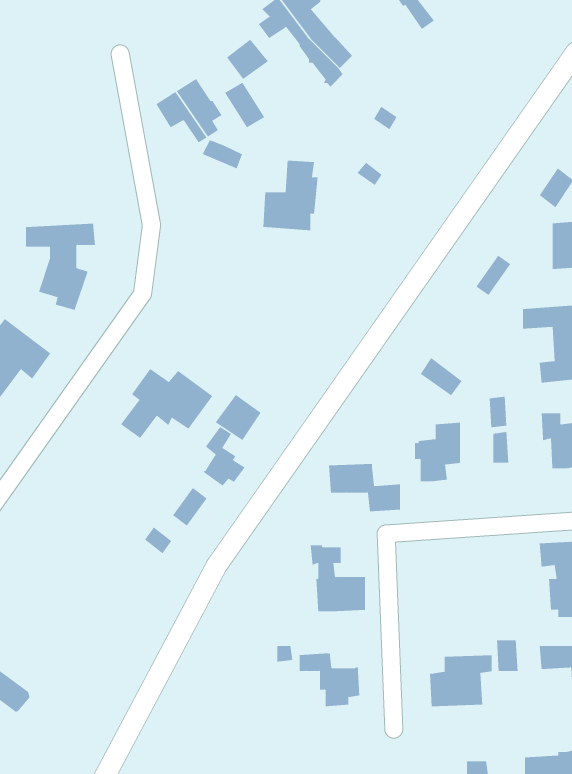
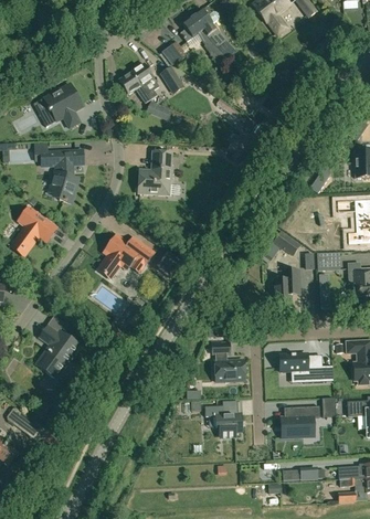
building: none -> [44,83,83,128]
building: [263,160,318,231] -> [140,152,173,194]
building: [202,426,246,487] -> none
building: [328,463,401,512] -> [279,353,323,382]
building: none -> [36,326,81,379]

